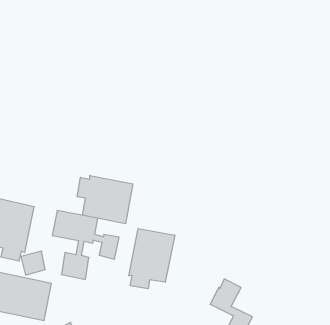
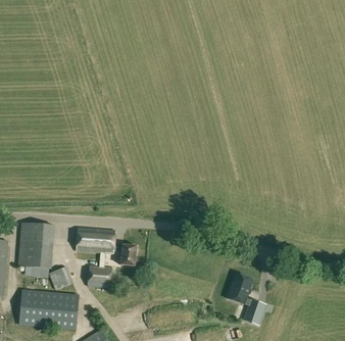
building: [77,175,133,224] -> none
building: [129,229,175,289] -> none

